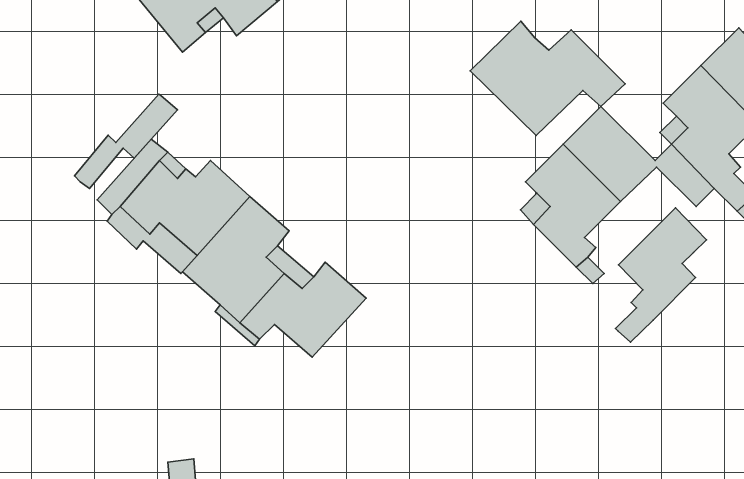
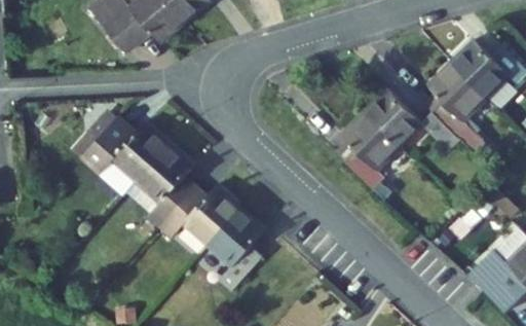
building: [470,21,625,136] -> none
building: [74,94,177,189] -> none
building: [615,208,706,342] -> none
building: none -> [206,208,265,291]

